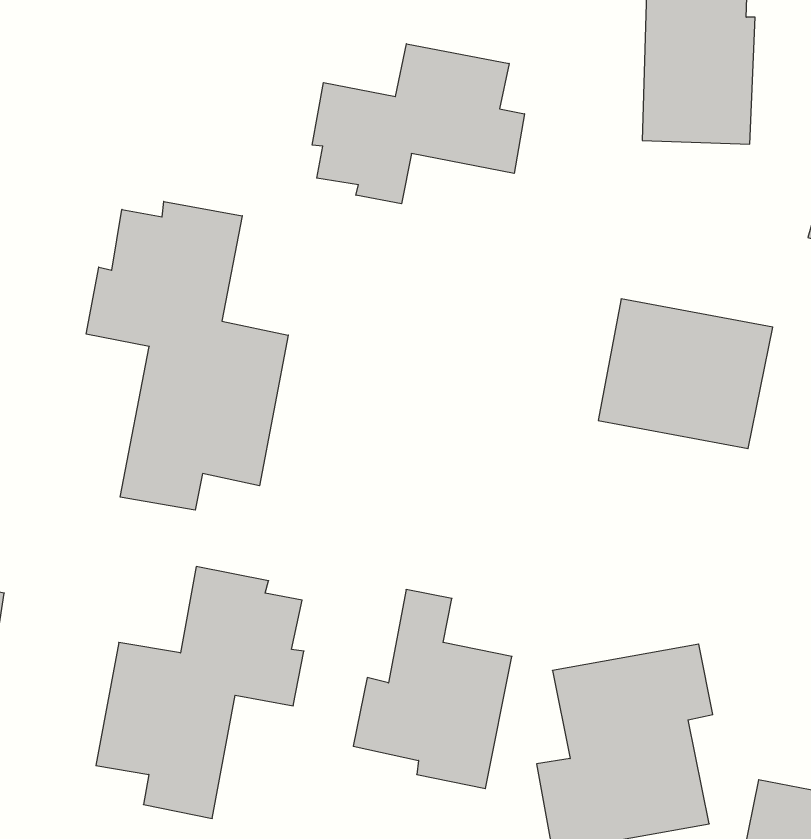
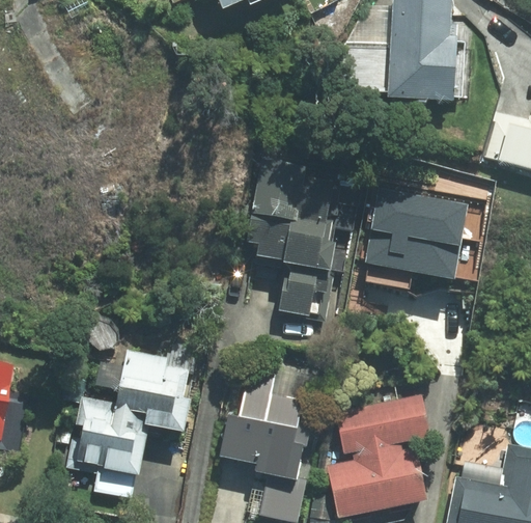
building: [312,44,524,204] -> none
building: [86,201,288,510] -> none
building: none -> [249,158,347,321]

